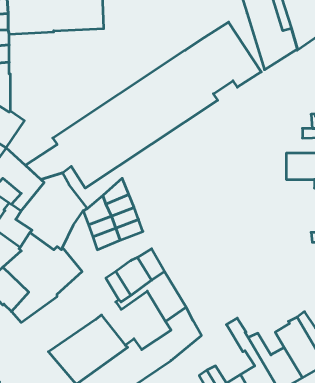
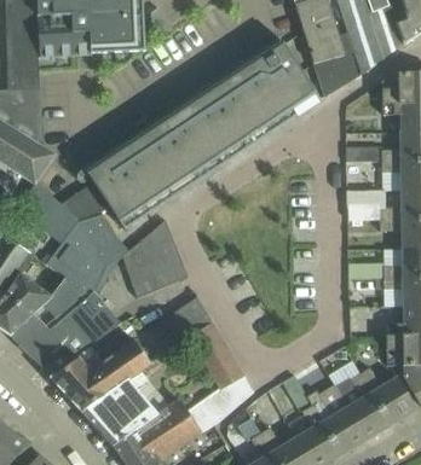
building: none -> [53,338,152,411]

